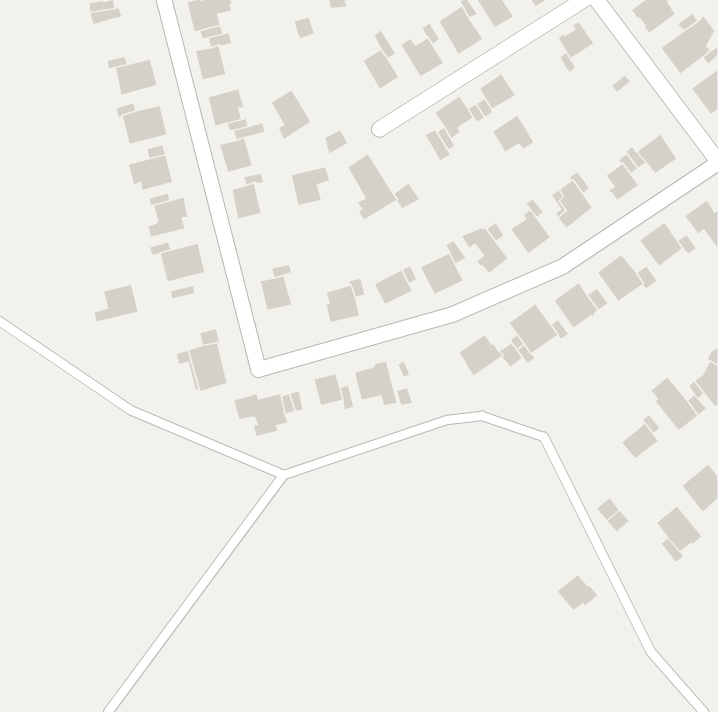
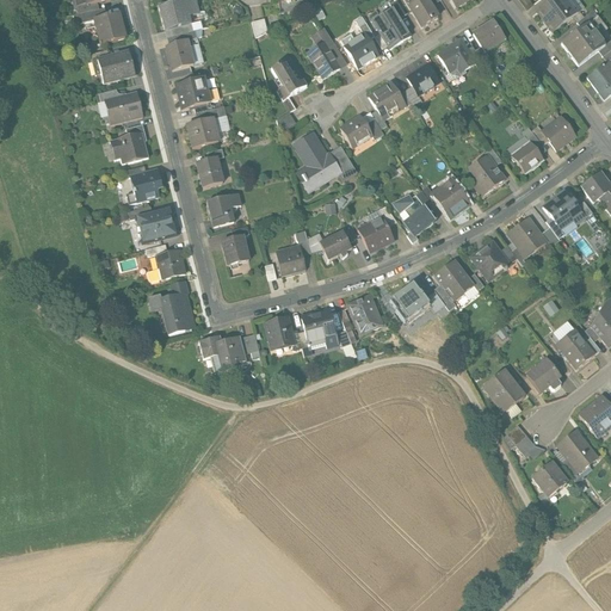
building: none -> [94,11,124,41]
building: [271,90,311,140] -> [271,55,306,98]
building: [492,115,534,152] -> [438,38,474,70]
building: none -> [339,113,371,146]
building: [291,166,330,206] -> [206,192,240,226]
building: [93,284,138,322] -> [147,248,185,280]
building: none -> [347,294,377,333]
building: none -> [481,368,524,409]
building: [556,574,599,611] -> [531,462,567,493]

